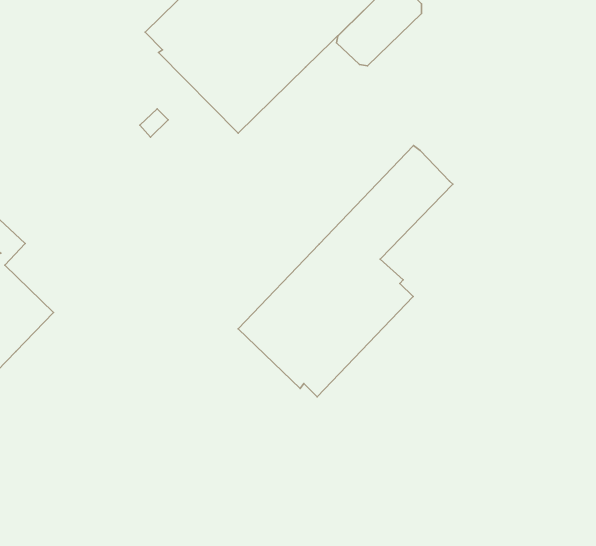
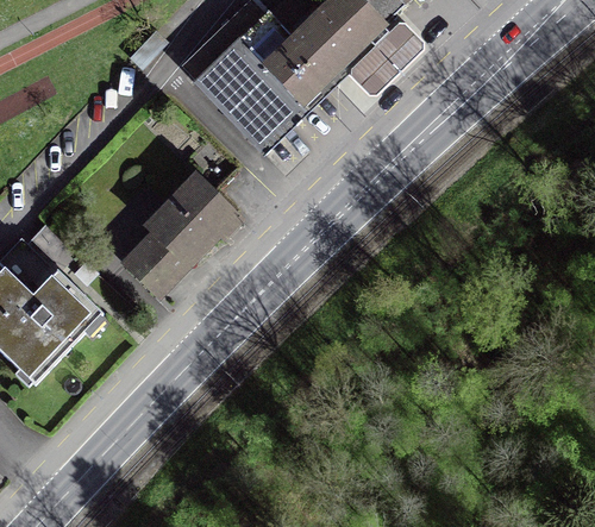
building: [238,146,453,397] -> none
building: none -> [119,170,245,299]

